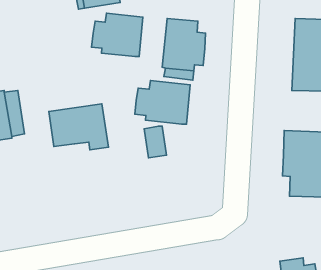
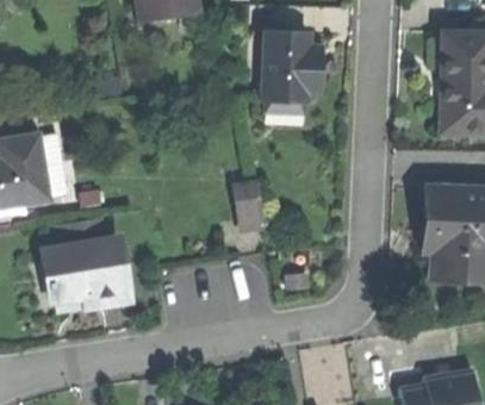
building: [92,13,143,57] -> none
building: [135,80,190,124] -> none
building: [49,104,109,150] -> [44,237,128,301]

